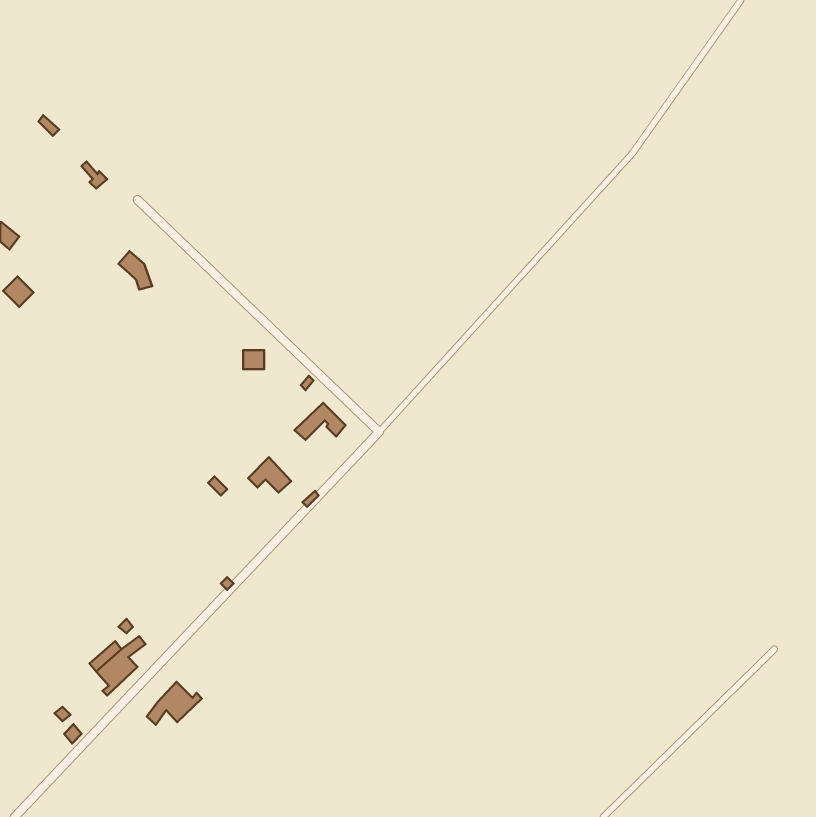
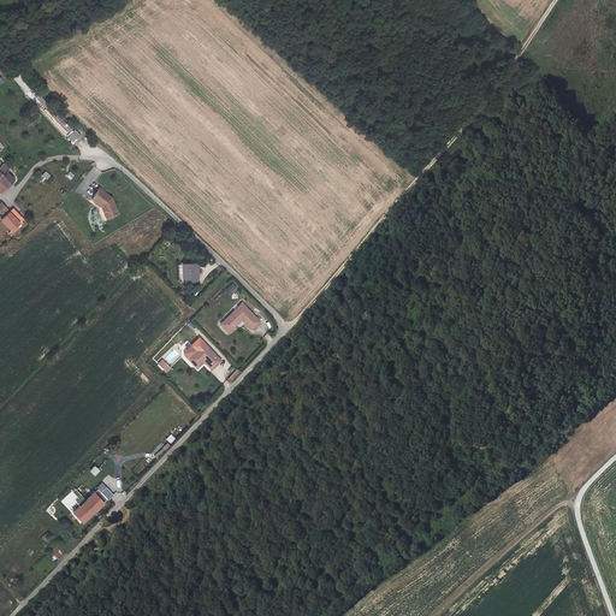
building: [147,682,202,725] -> none

